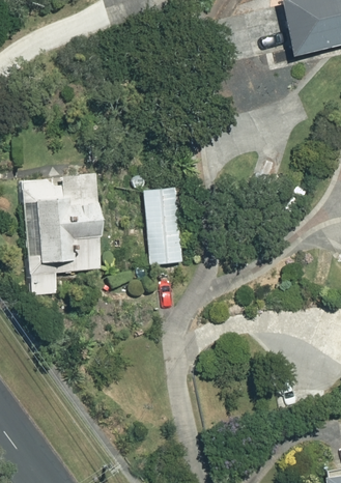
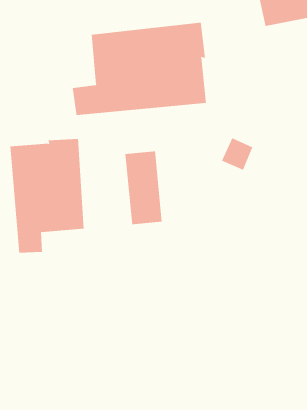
building: none -> [72,22,206,116]

